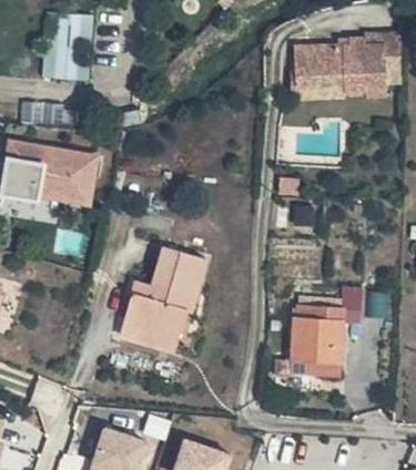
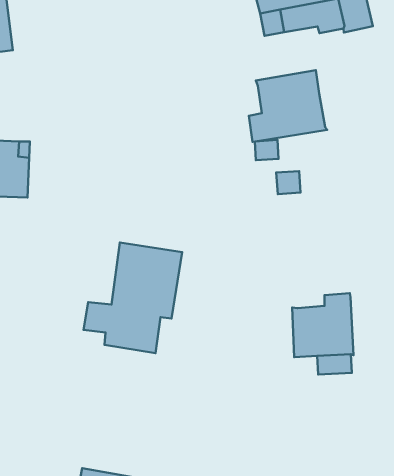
building: none -> [249,70,327,142]
building: [300,289,362,320] -> none

